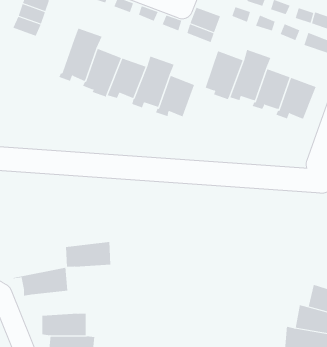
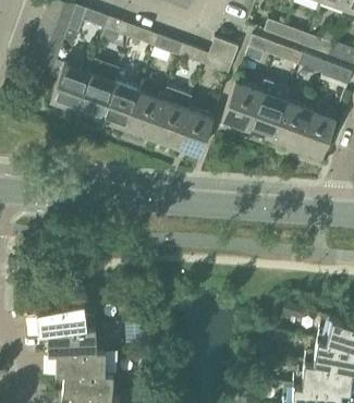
building: none -> [51,62,89,105]
building: [65,241,111,267] -> [47,325,94,351]

